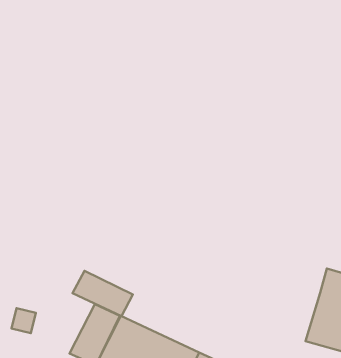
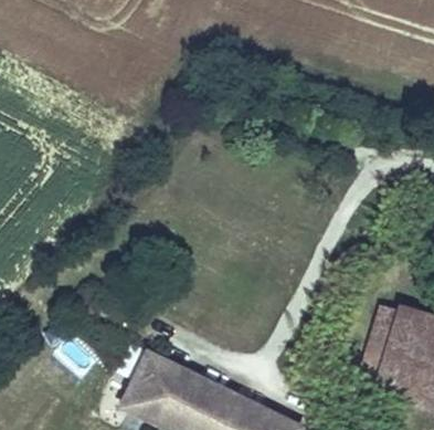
building: [73,271,133,316] -> none
building: none -> [362,329,404,392]

